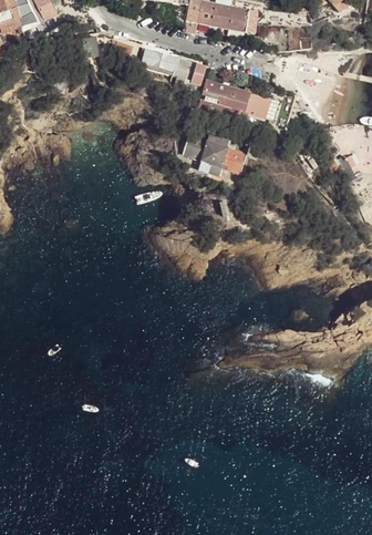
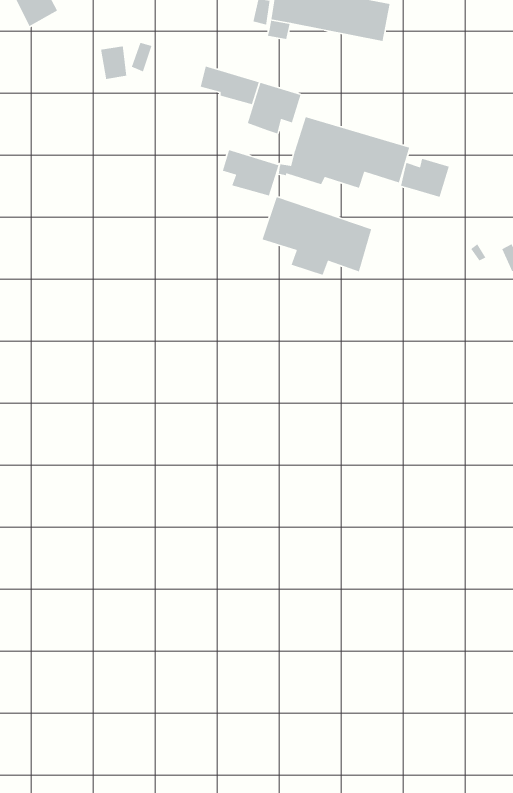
building: none -> [222,149,279,196]
building: none -> [400,158,450,198]

